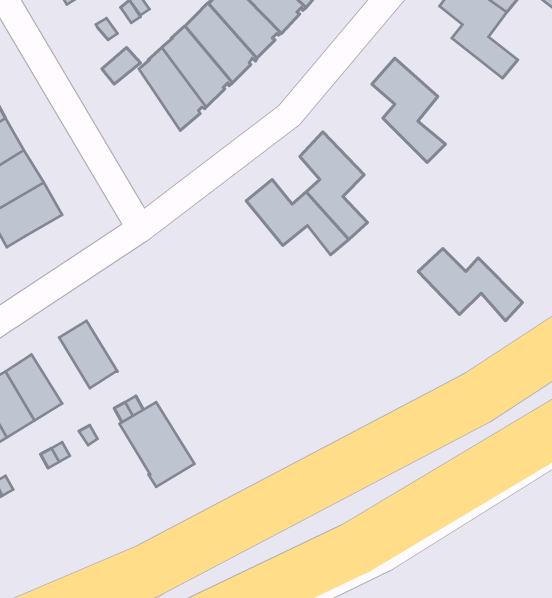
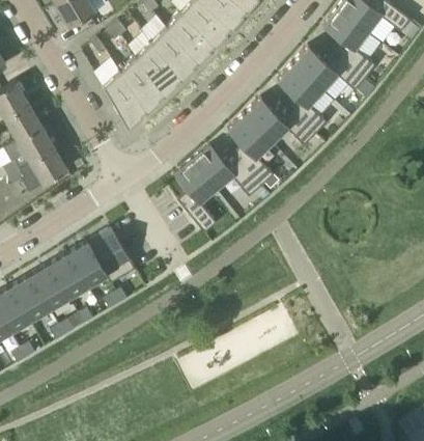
building: none -> [292,47,365,91]
building: none -> [103,72,147,130]
building: none -> [174,161,217,233]
building: [418,249,523,321] -> [244,99,314,147]
building: none -> [47,253,86,298]
building: [119,402,195,487] -> [84,227,135,284]

